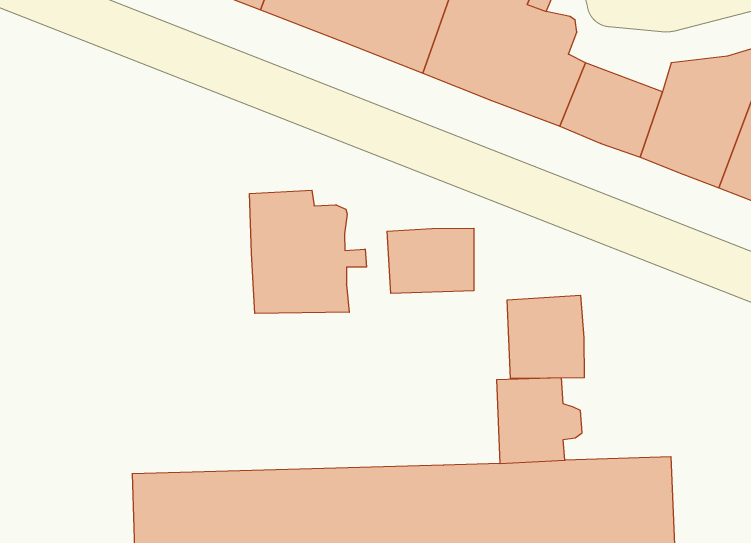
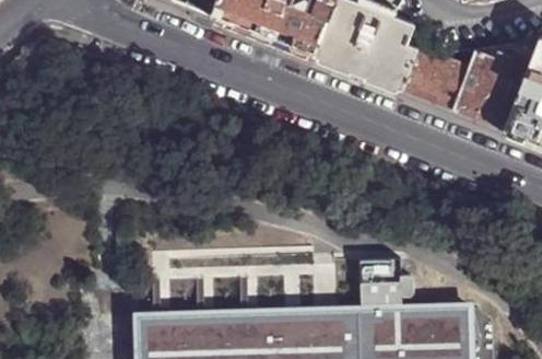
building: [250,190,366,313] -> none
building: [387,228,474,293] -> none
building: [507,295,584,379] -> none

